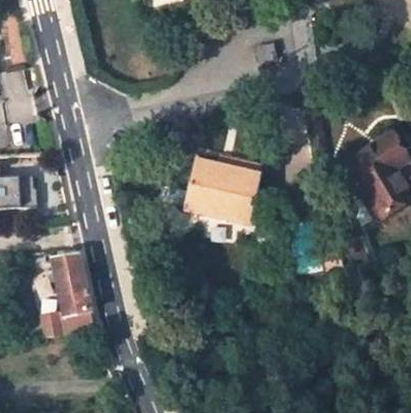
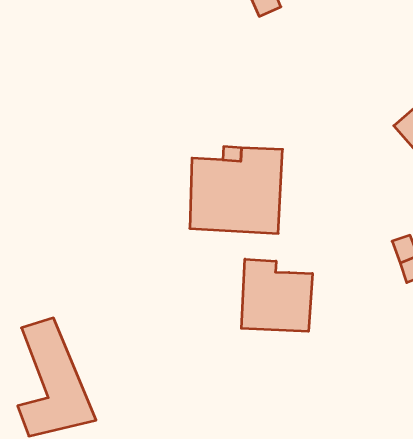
building: none -> [241,259,312,331]

